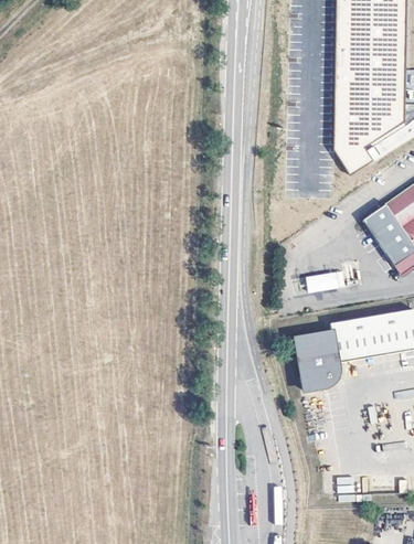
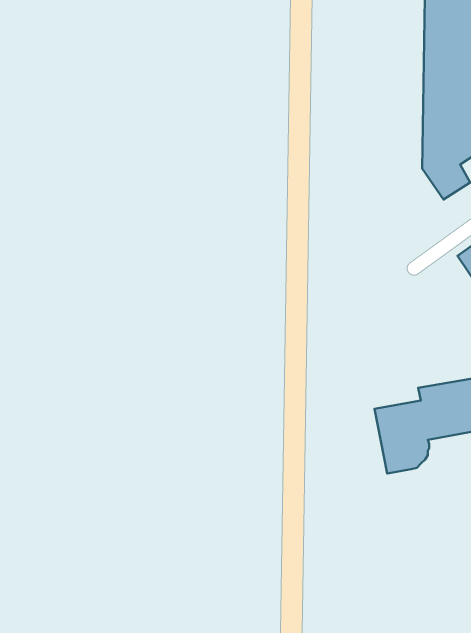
building: [306,269,347,292] -> none

